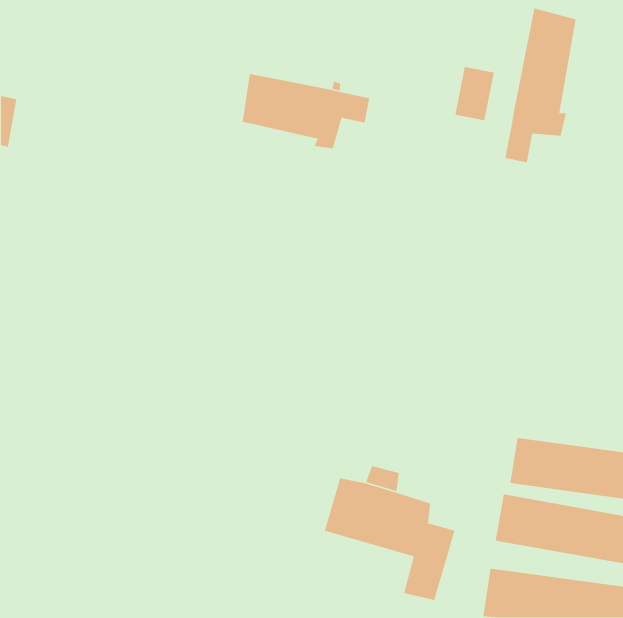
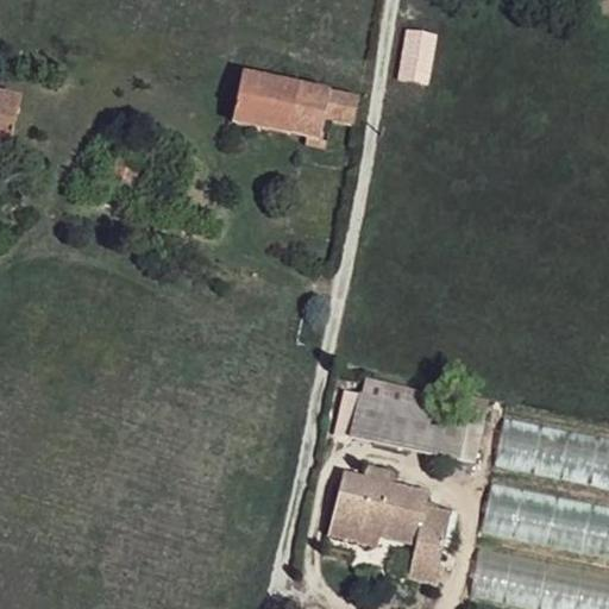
building: [505,8,576,163] -> none
building: [454,66,495,121] -> [402,29,441,82]
building: none -> [345,393,470,458]

